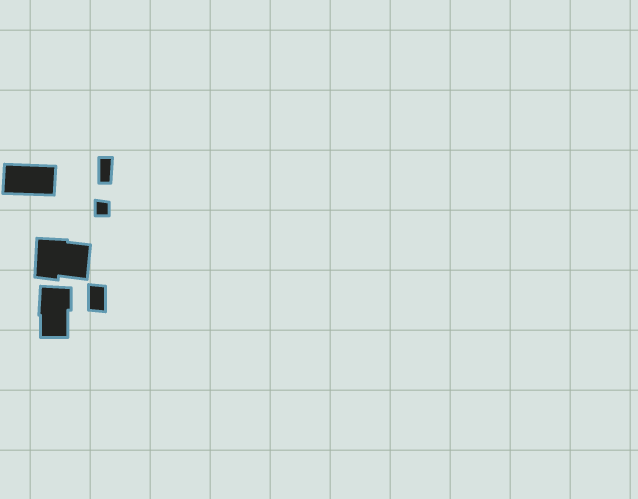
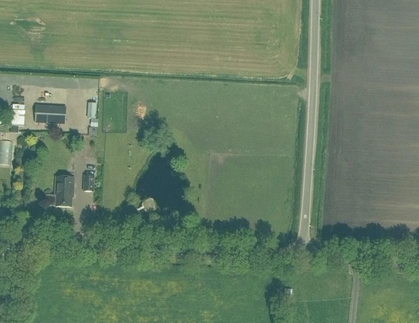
building: [35,238,91,280] -> none

